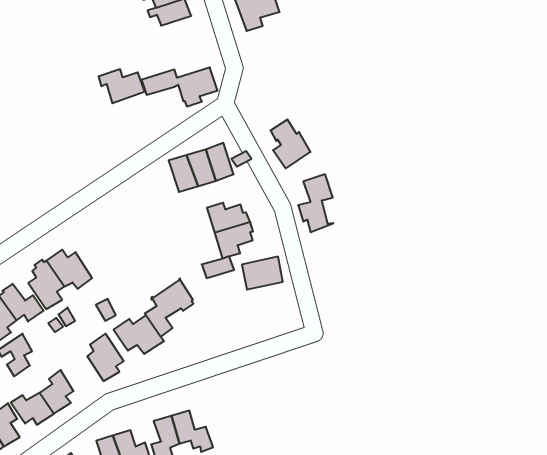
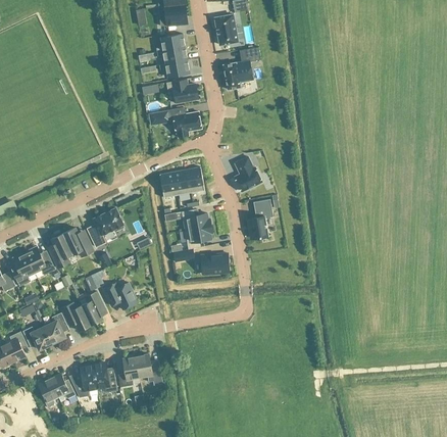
building: [98,69,145,103] -> [166,80,198,103]
building: [145,278,193,337] -> [87,207,122,247]
building: none -> [60,302,91,331]

